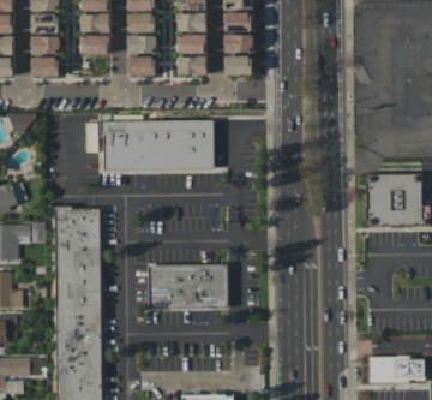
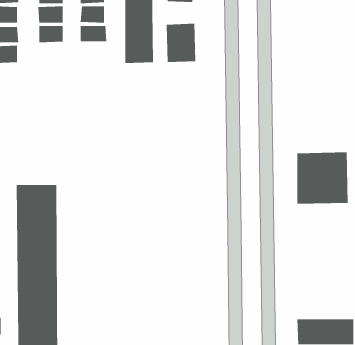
building: [223,12,251,31] -> none
building: [128,55,155,76] -> none
building: [98,121,216,177] -> none
building: [148,267,230,312] -> none

